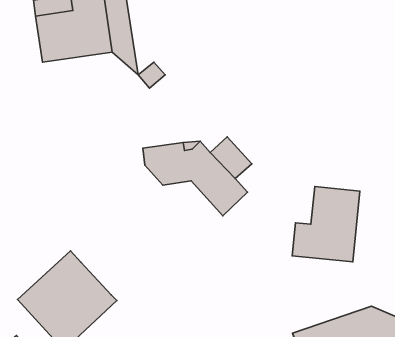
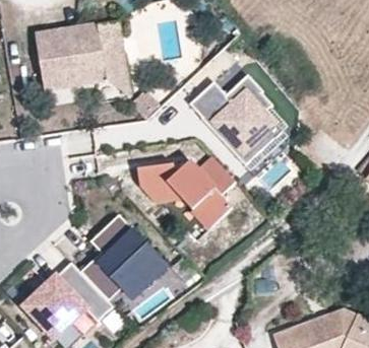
building: none -> [188,74,282,165]
building: [292,186,360,262] -> none
building: none -> [80,213,168,299]

